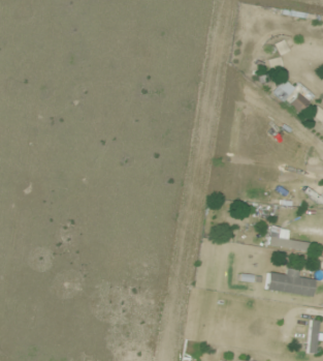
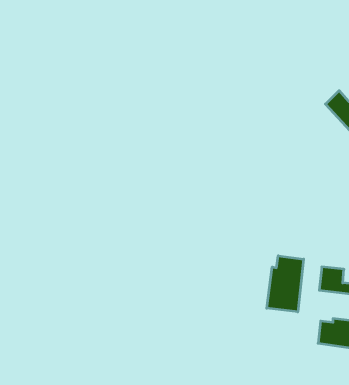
building: none -> [267,256,304,312]

